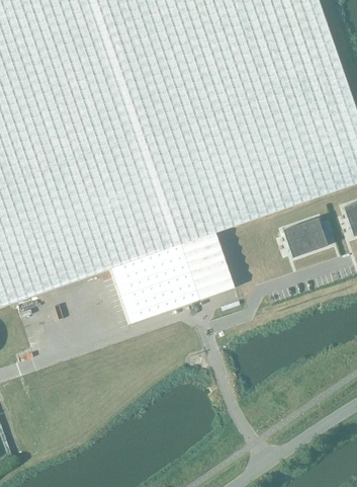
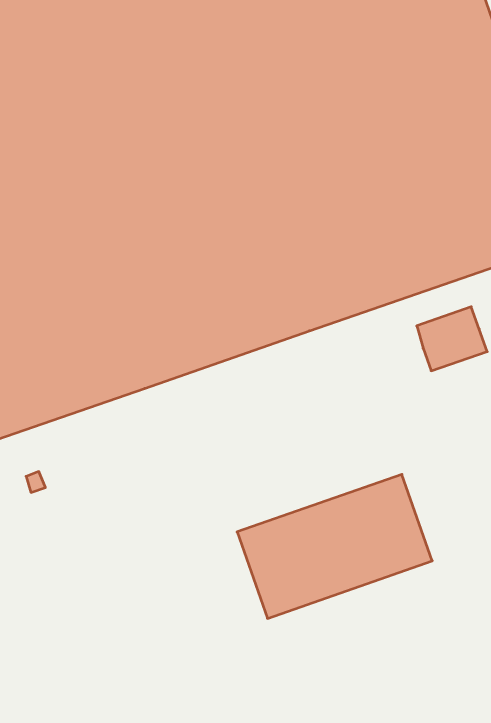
building: [110,232,234,323] -> [237,474,432,618]

